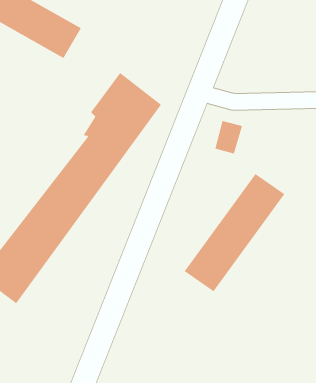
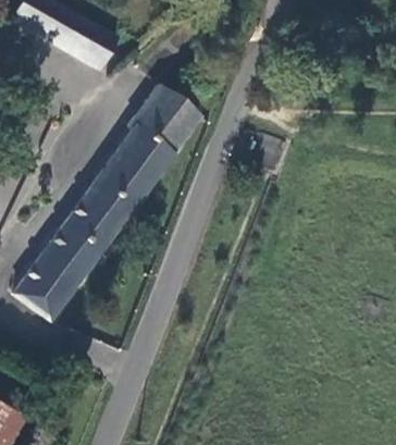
building: [184,173,285,292] -> none

